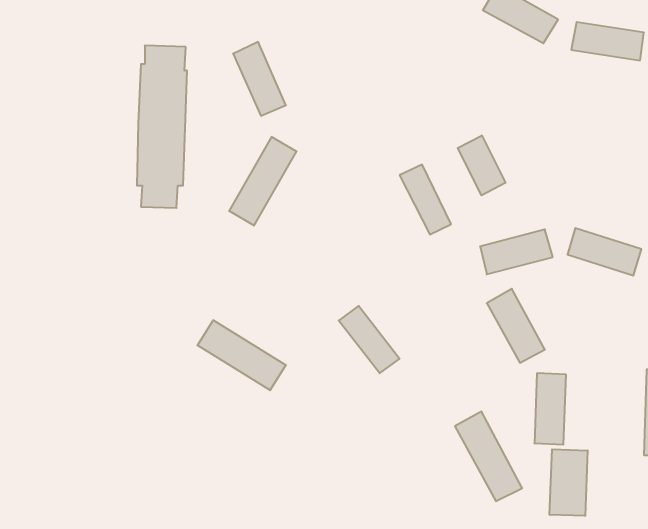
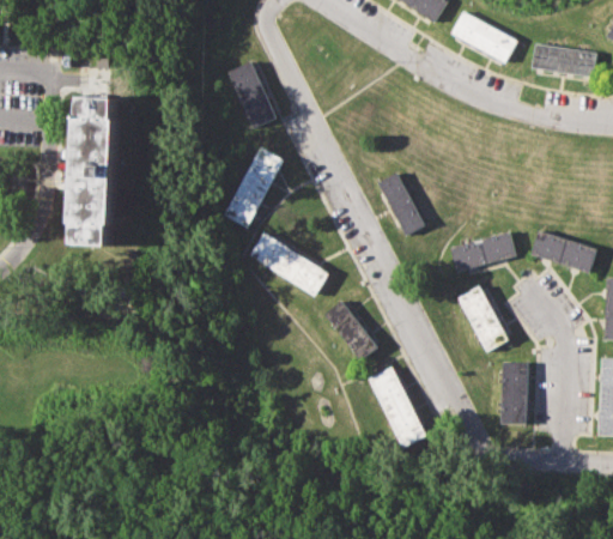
building: [137,46,187,208] -> [73,97,119,244]
building: [458,135,505,195] -> none
building: [197,320,286,390] -> [248,232,328,296]
building: [455,411,522,501] -> [366,367,427,448]
building: [550,449,588,516] -> none

